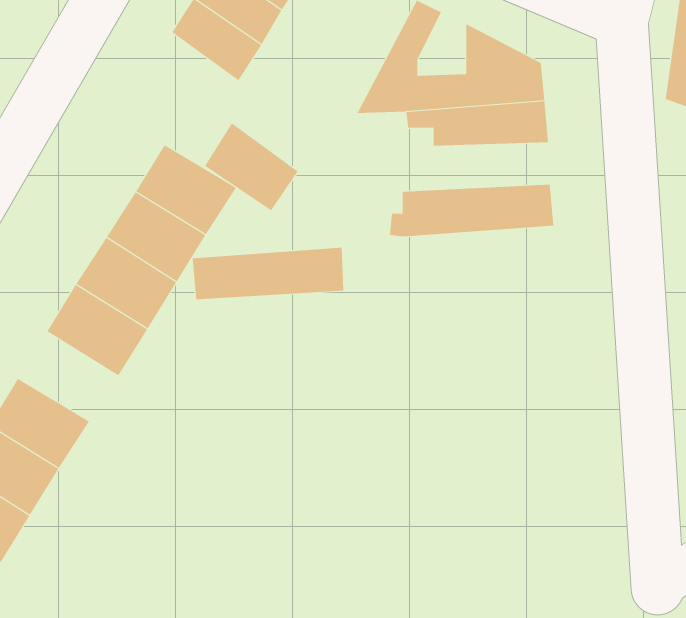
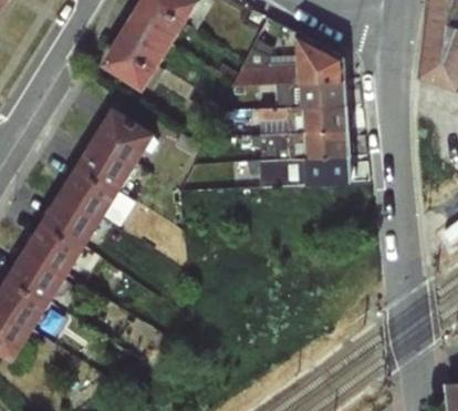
building: [204,122,299,211] -> [100,37,157,91]
building: none -> [257,104,347,134]
building: [192,247,344,300] -> [258,155,351,187]
building: none -> [22,219,84,275]

